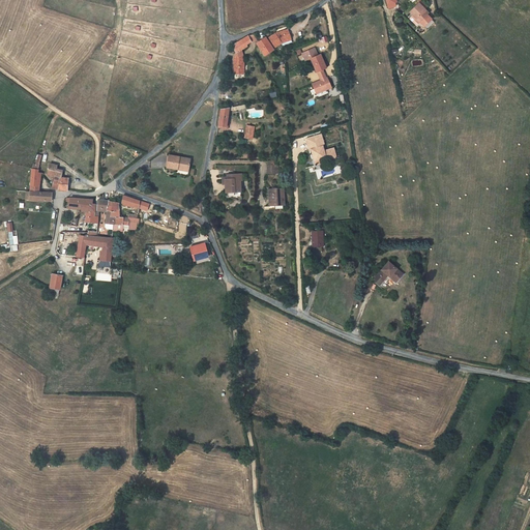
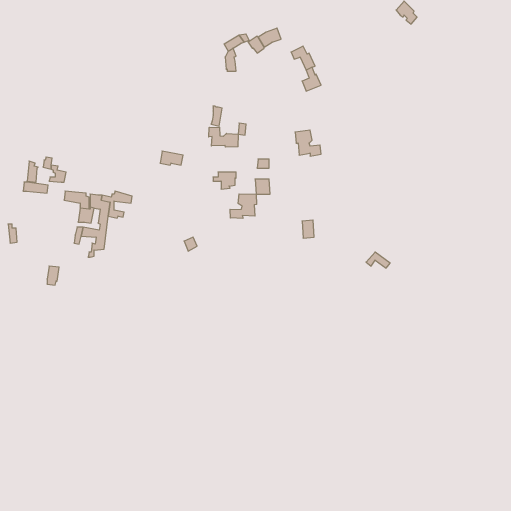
building: none -> [209,127,238,147]
building: none -> [230,194,257,218]

